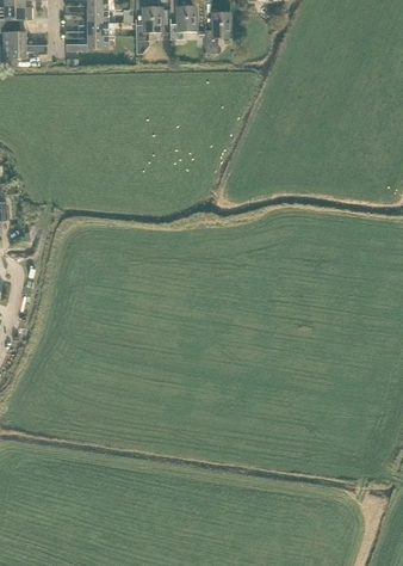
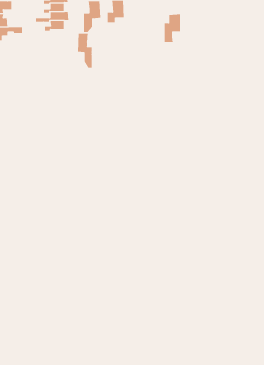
building: [204,11,229,53] -> [164,14,181,42]
building: none -> [78,33,92,68]

